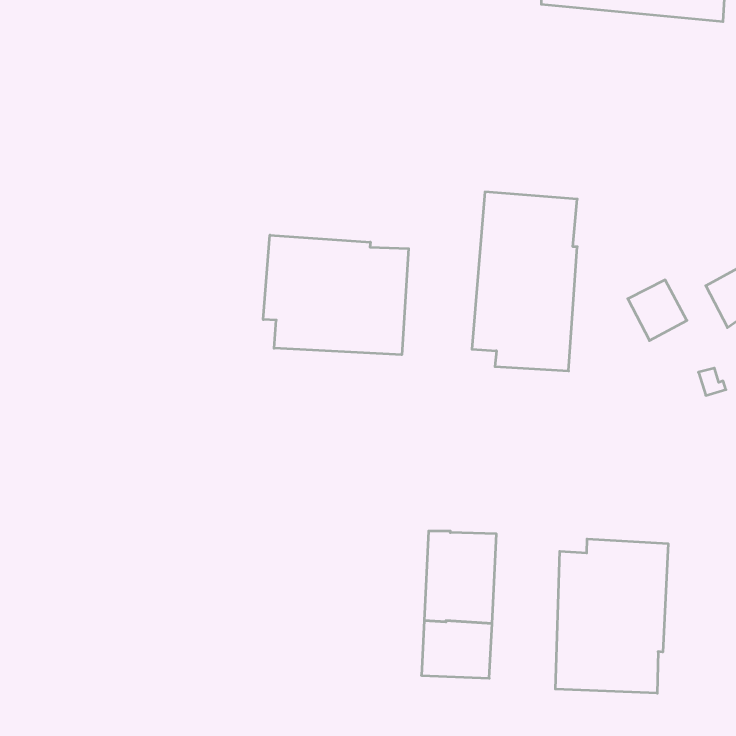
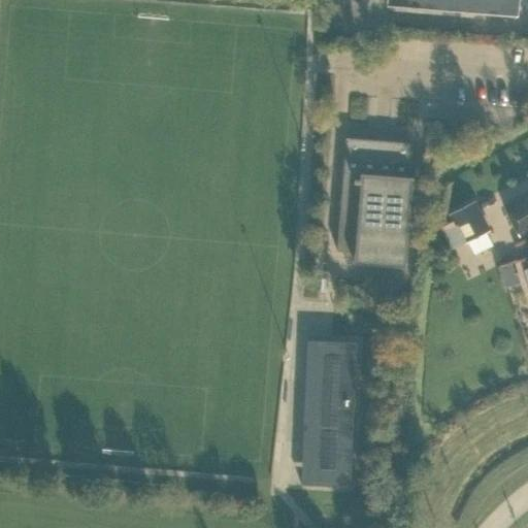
building: [263,235,409,355] -> none
building: none -> [307,340,358,382]
building: [555,539,668,693] -> none

